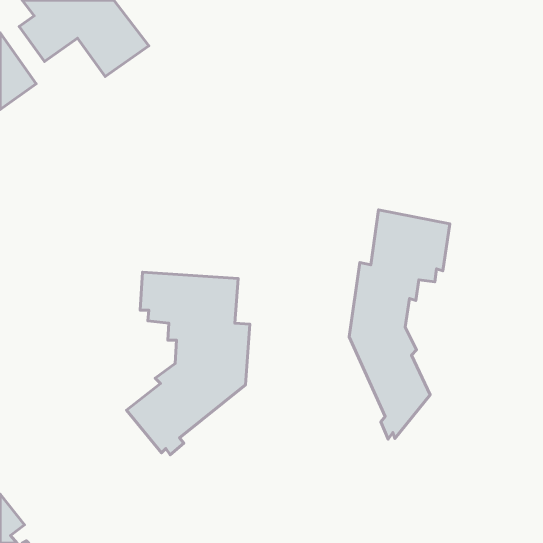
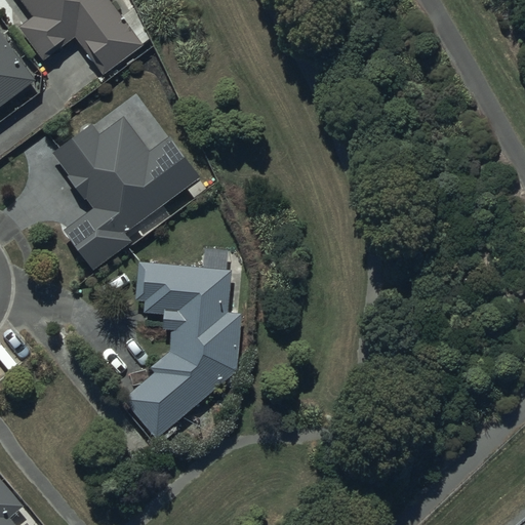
building: none -> [53,114,200,269]
building: [349,210,450,439] -> none

